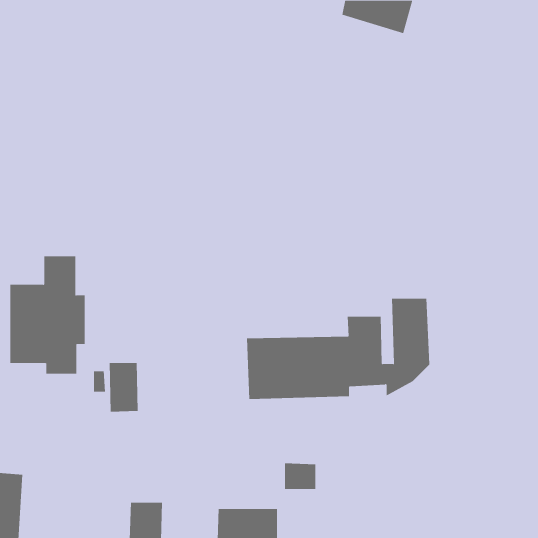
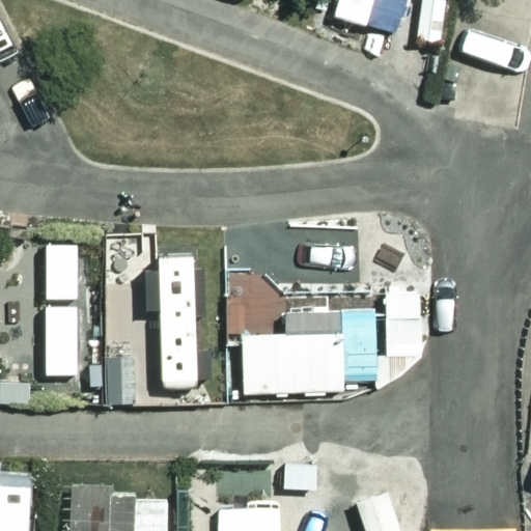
building: none -> [143,251,209,387]

